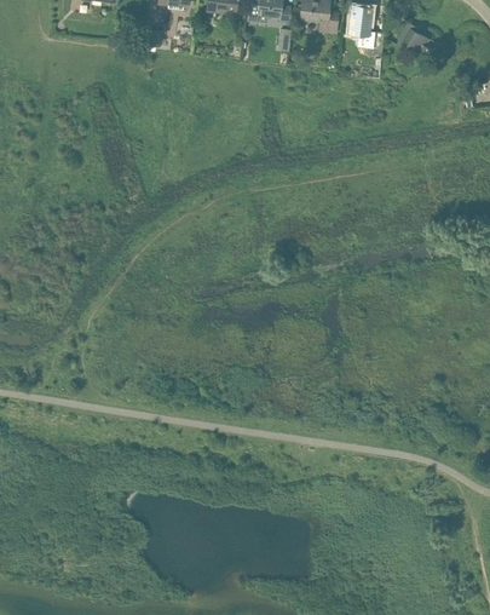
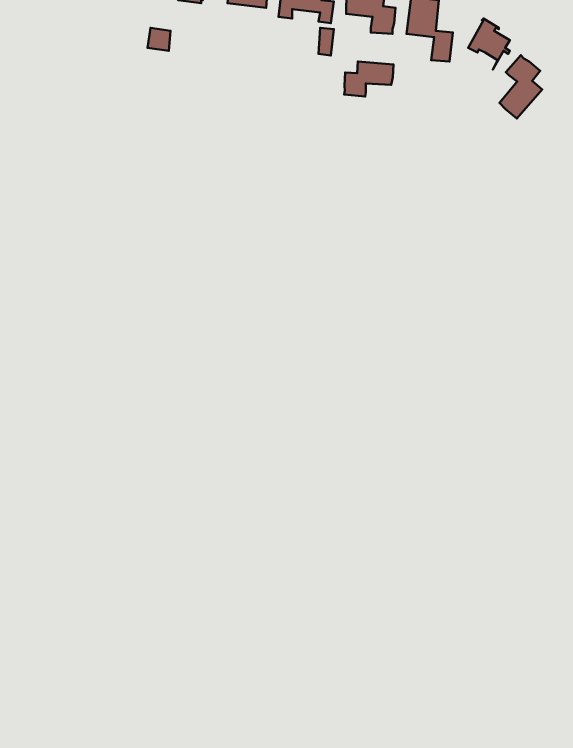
building: none -> [500,55,542,119]
building: none -> [344,61,394,96]

